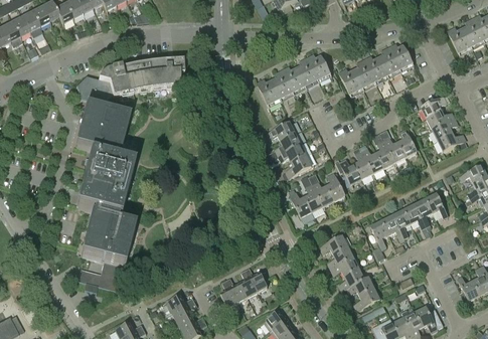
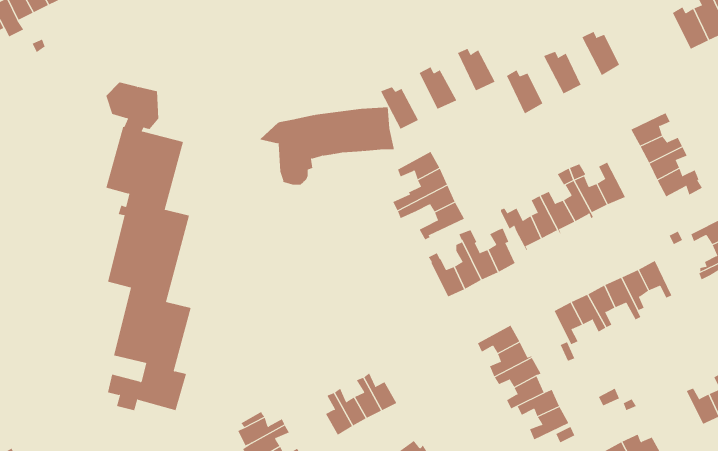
building: [378,46,401,77] -> none
building: [296,56,319,88] -> none
building: [98,57,187,109] -> [258,107,395,185]
building: [353,58,376,90] -> none
building: [271,69,294,101] -> none

